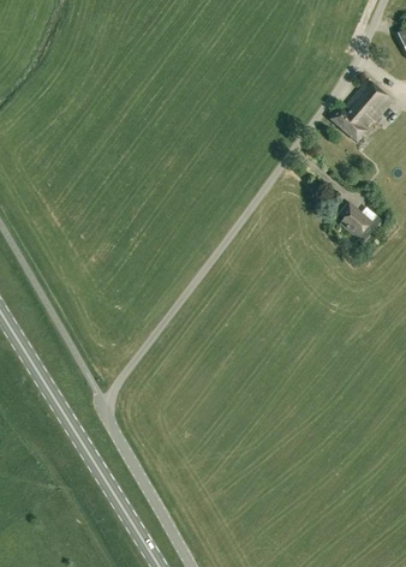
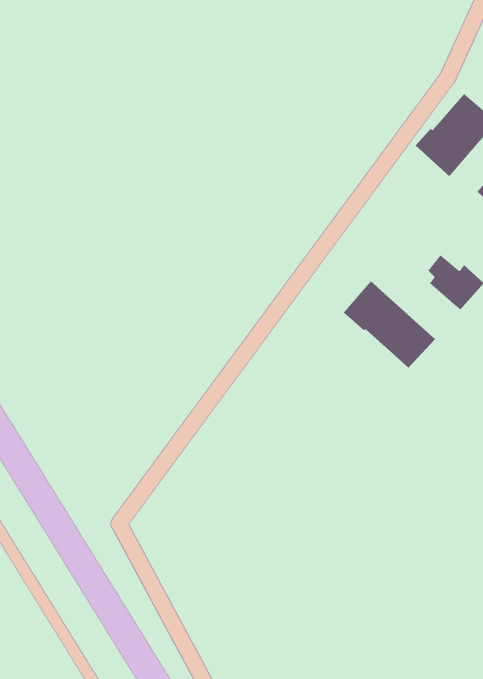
building: none -> [343,281,436,368]

